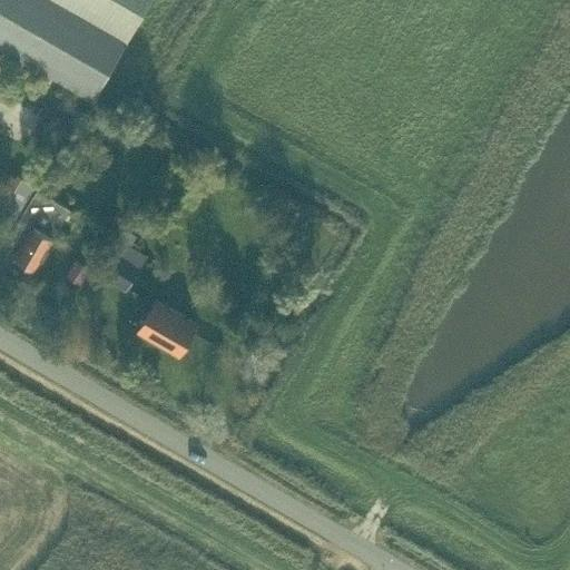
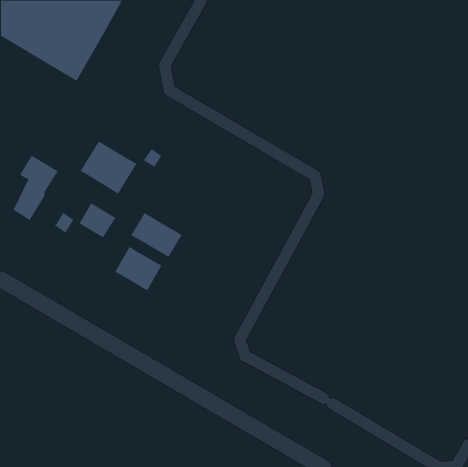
building: none -> [80,140,137,195]
building: none -> [130,212,183,258]

